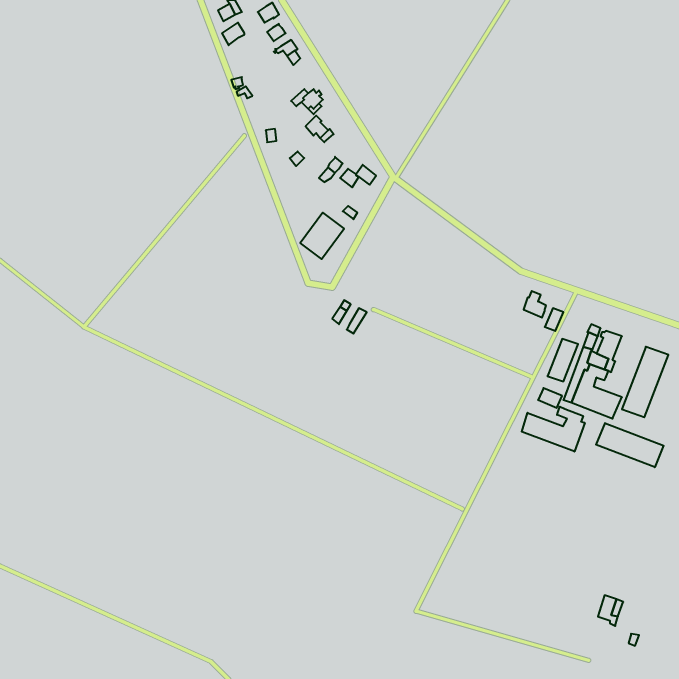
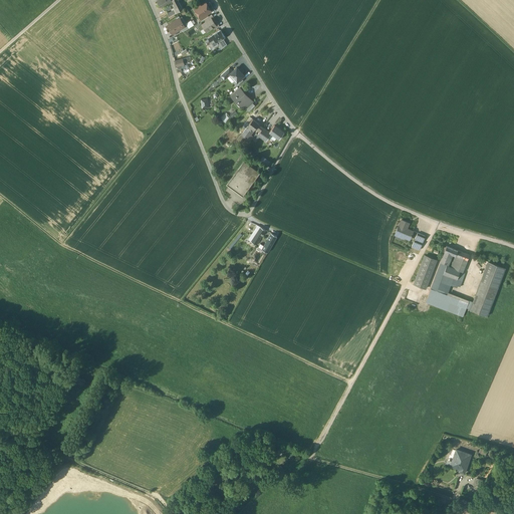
building: [522,407,585,452] -> none
building: [596,423,664,467] -> none

